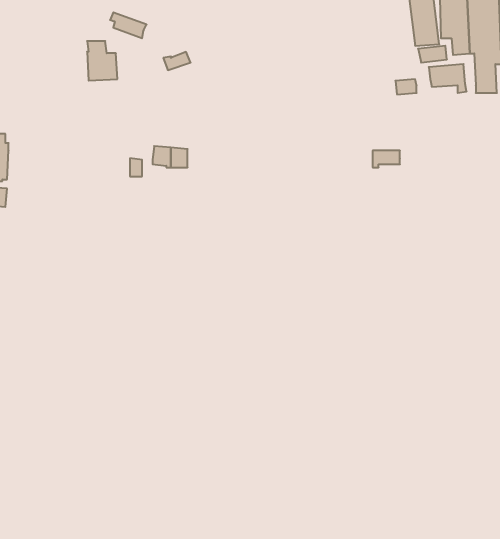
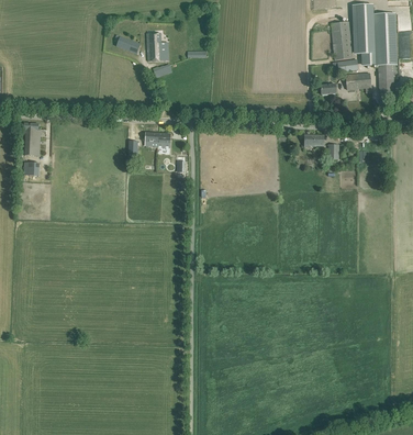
building: [87,41,117,81] -> [146,32,168,60]

